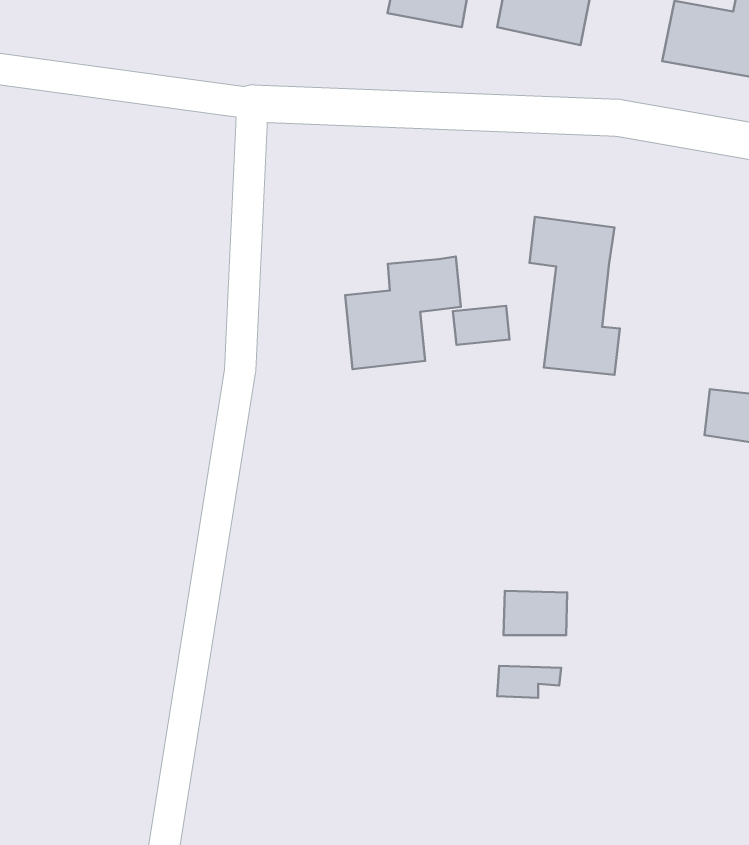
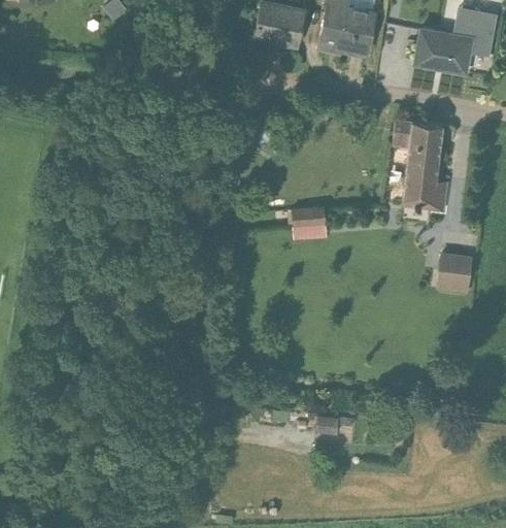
building: [530,217,620,375] -> [394,119,446,210]
building: [345,257,461,369] -> none
building: [503,591,567,635] -> none

